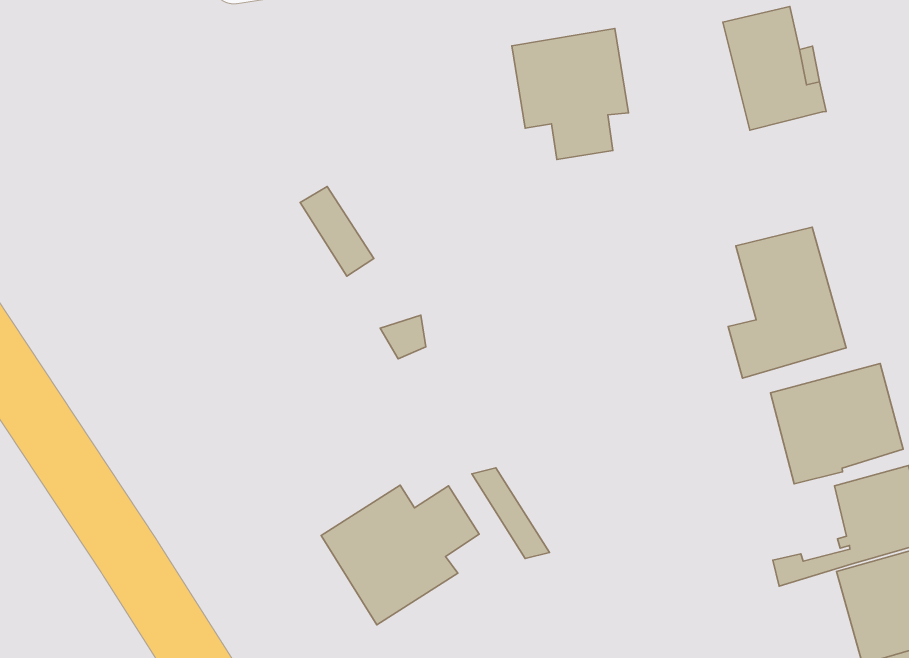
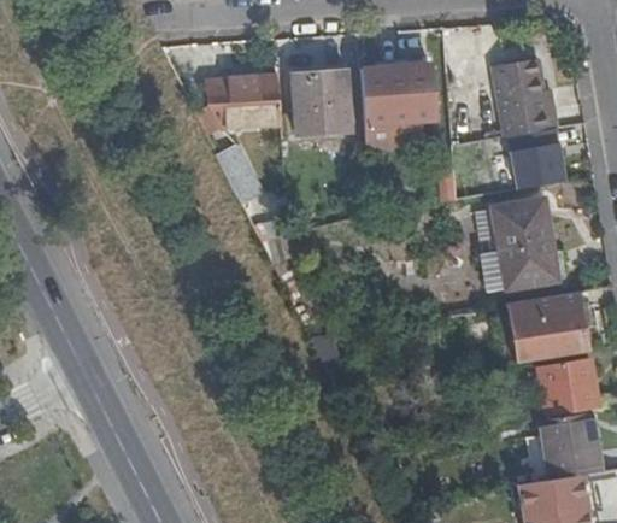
building: none -> [290,71,348,134]
building: none -> [207,76,280,127]
building: none -> [507,128,564,188]
building: [321,485,479,625] -> none

